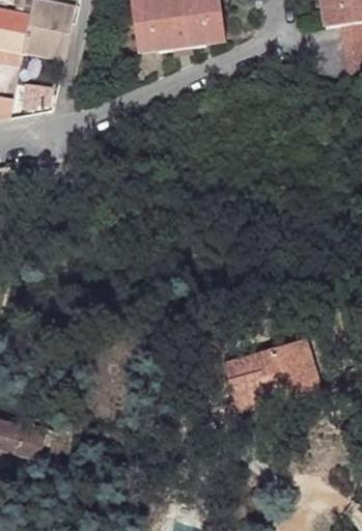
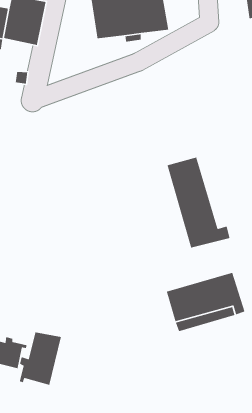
building: none -> [166,157,230,249]
building: none -> [19,332,62,386]

